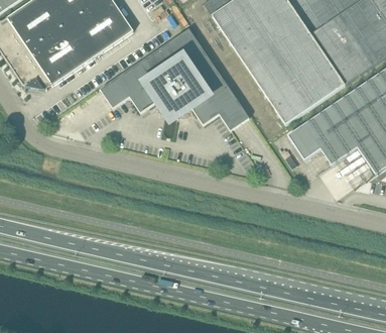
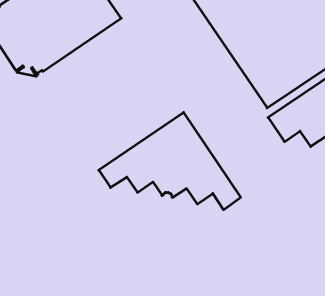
building: [100,28,248,130] -> [99,112,241,210]

